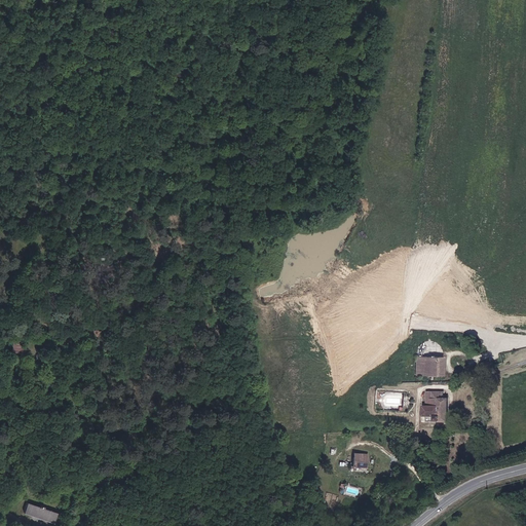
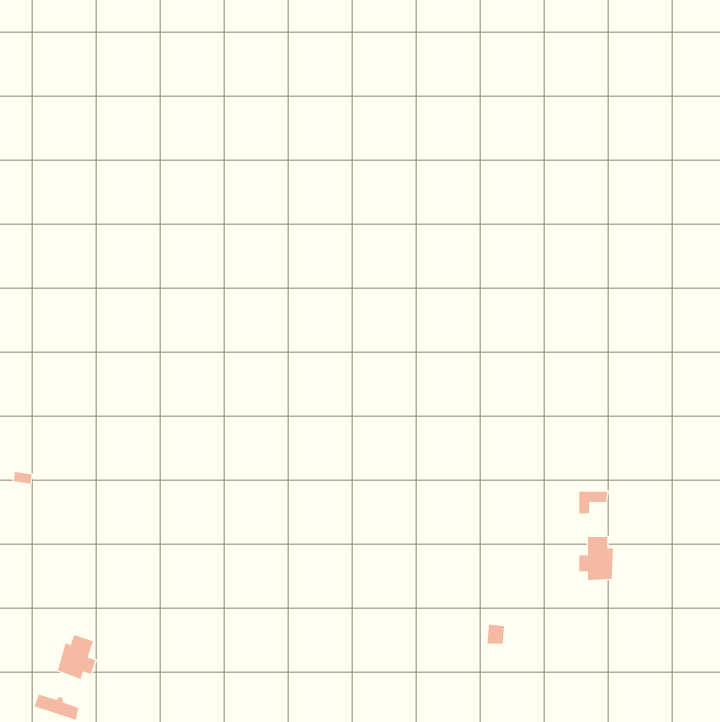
building: none -> [57,634,96,680]

